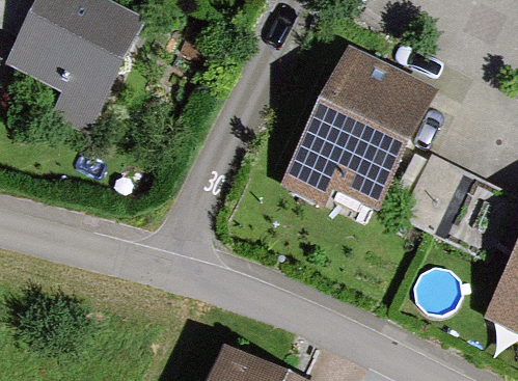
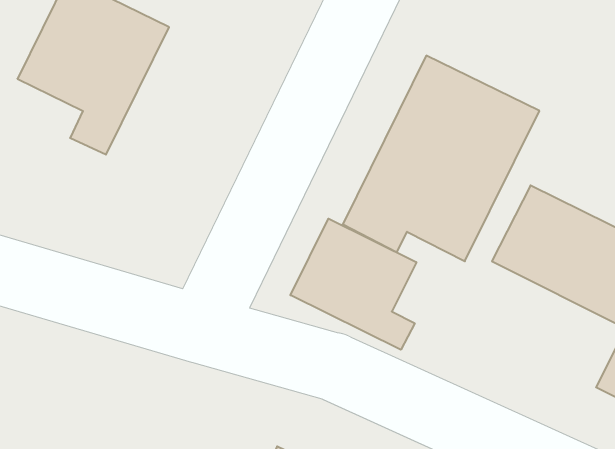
building: none -> [290,219,416,350]

